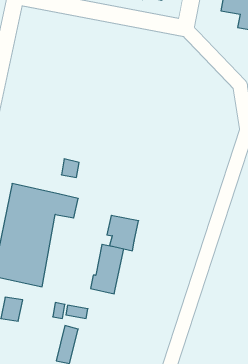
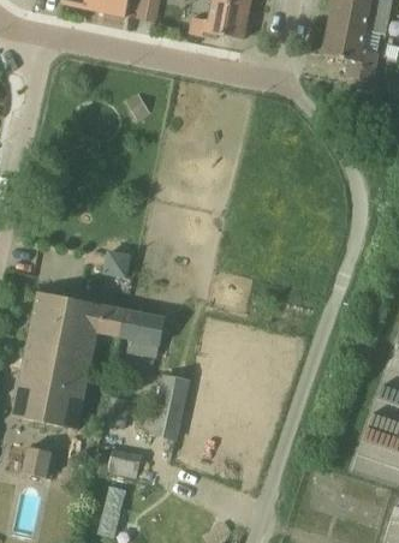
building: [107,215,139,251] -> [121,310,165,358]

